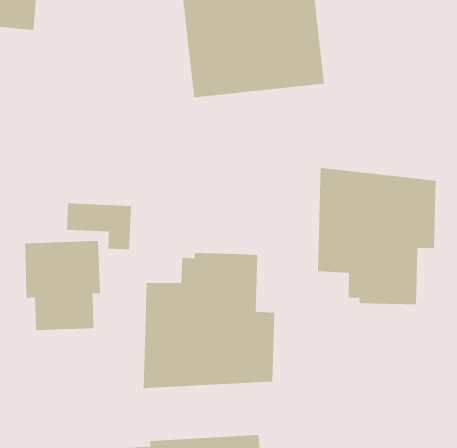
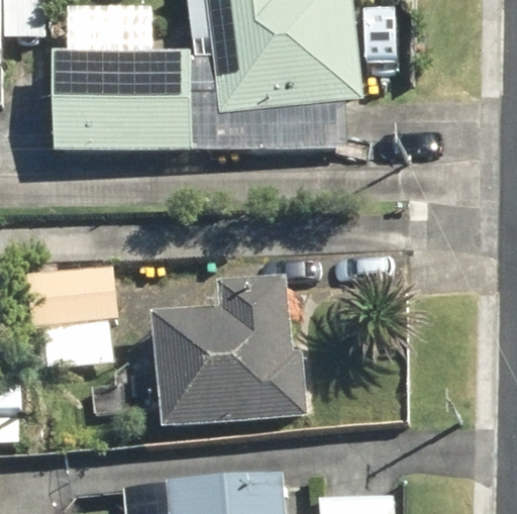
building: none -> [50,49,194,151]
building: [318,167,436,305] -> none

